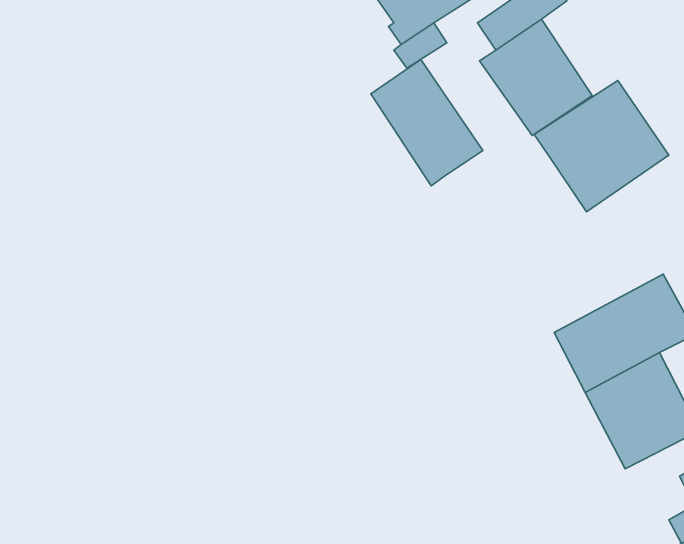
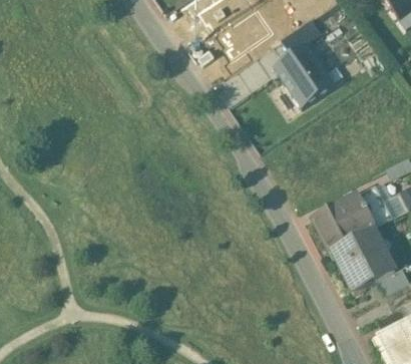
building: [371,59,483,186] -> none
building: [534,81,669,212] -> none

